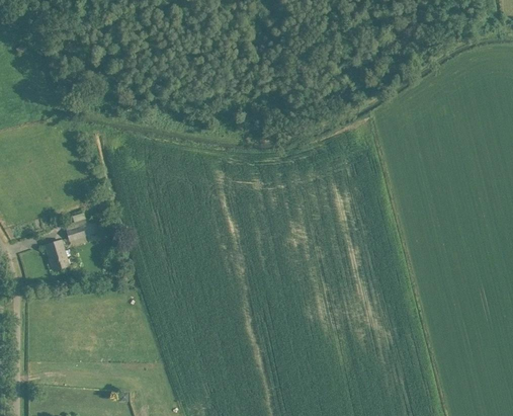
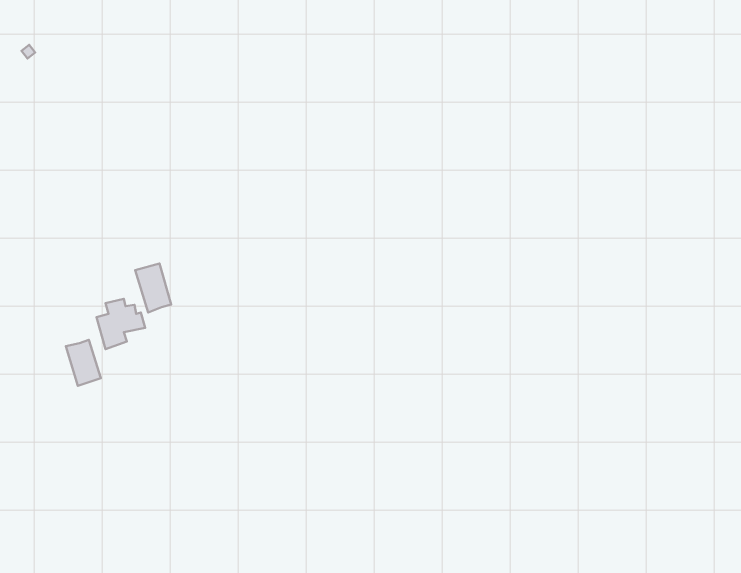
building: none -> [135,263,171,312]

